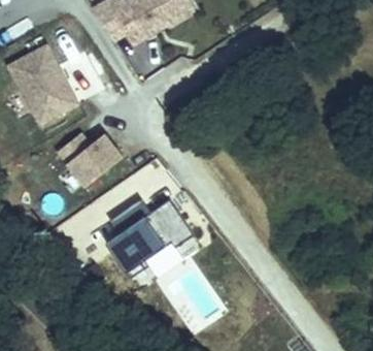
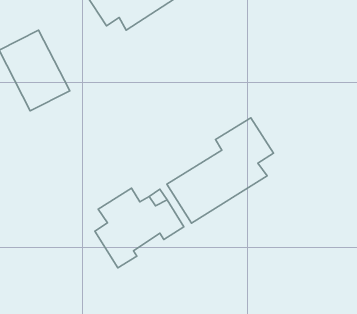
building: none -> [167,118,274,223]
building: [57,131,122,185] -> none

